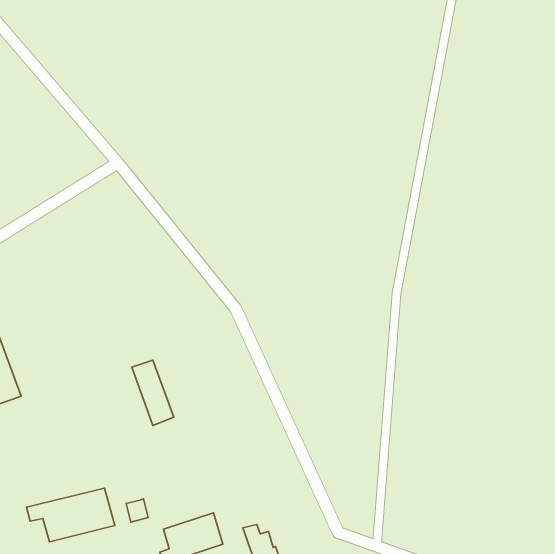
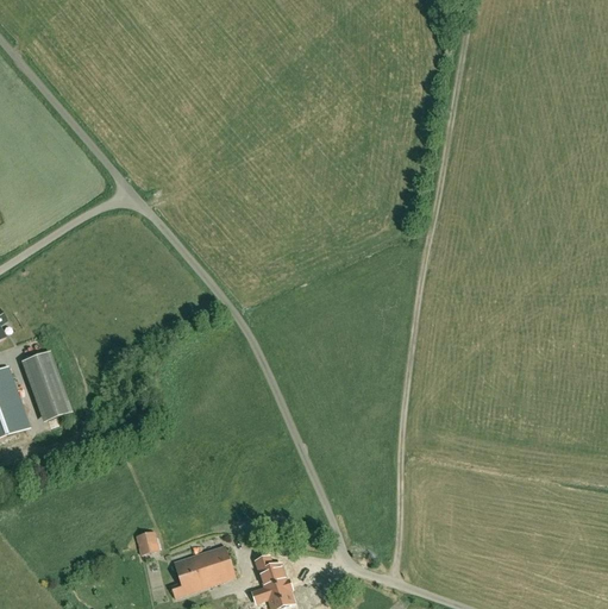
building: [132,360,174,425] -> [26,353,69,420]
building: [26,488,115,542] -> none

